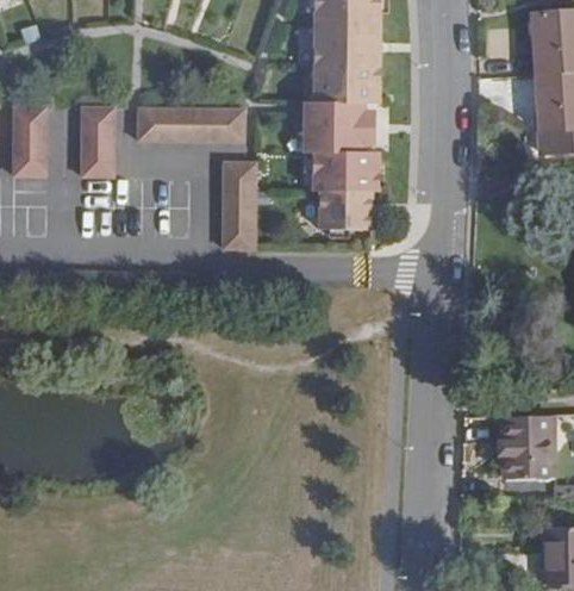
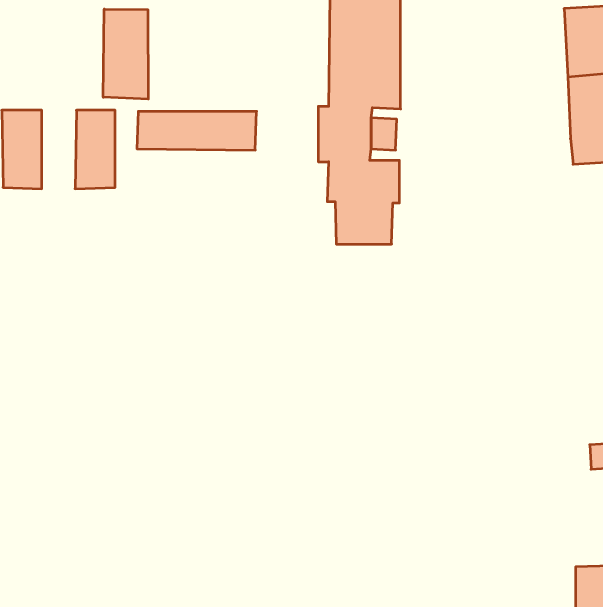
building: none -> [103,9,148,99]
building: [220,160,256,249] -> none
building: [505,416,553,479] -> none

